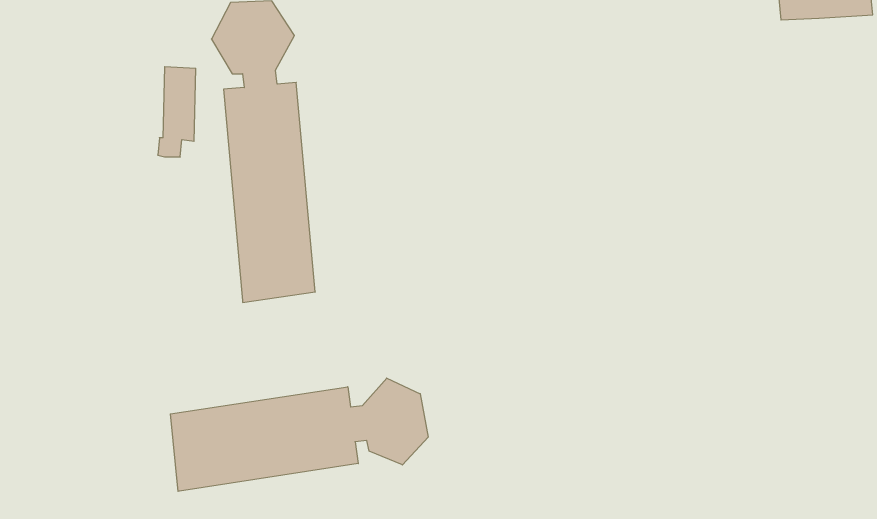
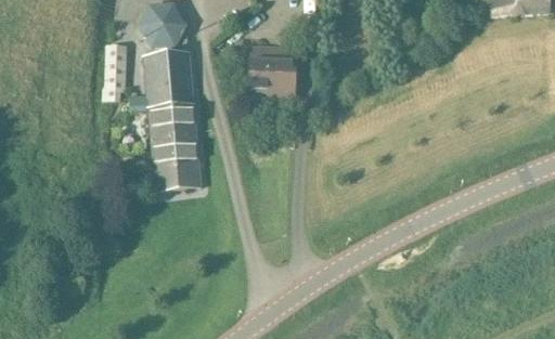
building: none -> [249,49,295,96]
building: [170,378,428,491] -> none

